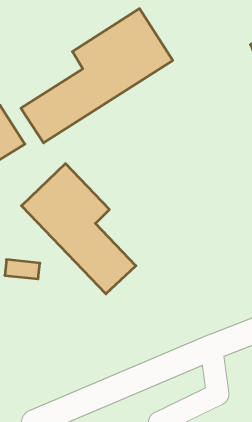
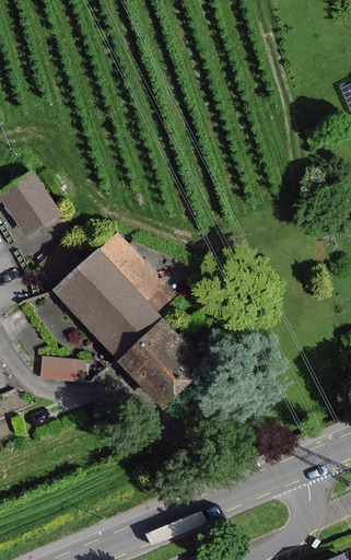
building: [21,9,173,143] -> none

